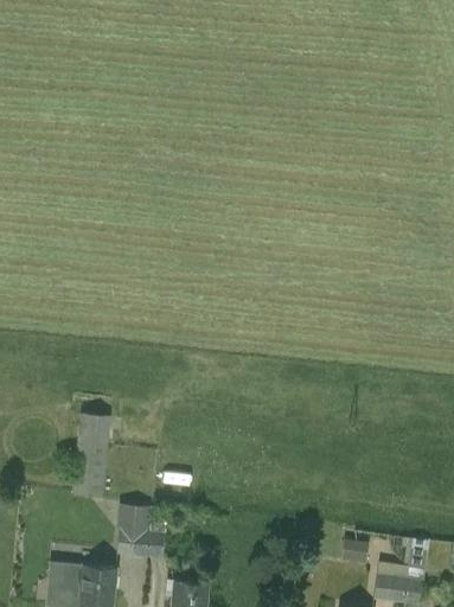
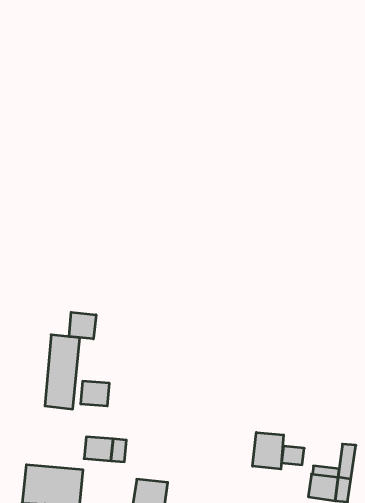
building: none -> [69,312,96,339]
building: [117,504,151,532] -> [81,381,109,406]
building: none -> [253,432,284,469]

